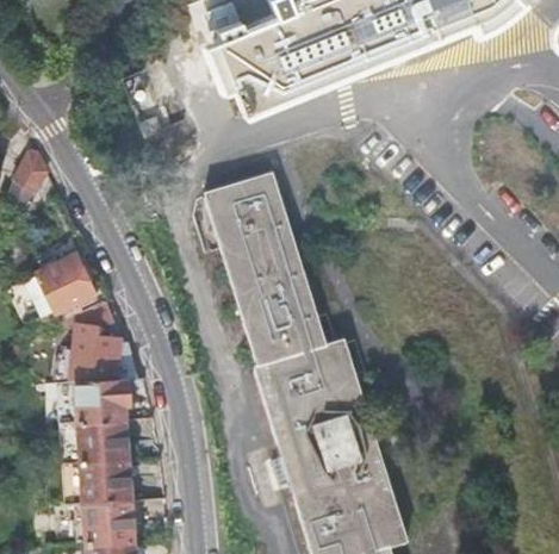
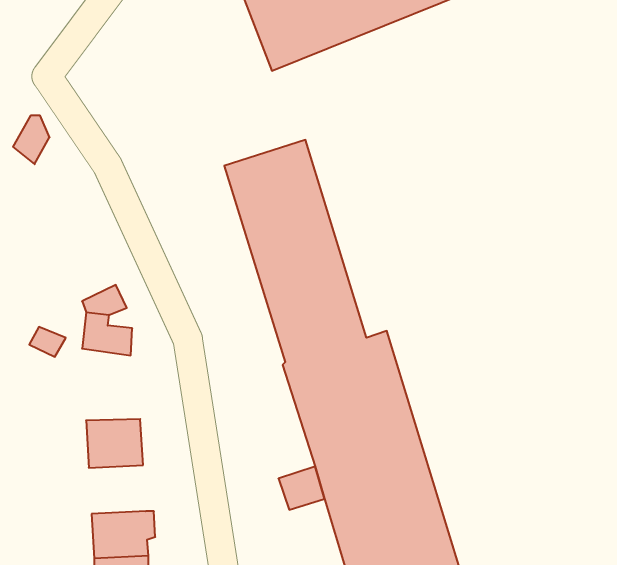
building: [29,251,99,312] -> none
building: [77,375,132,417] -> none
building: [82,456,132,499] -> none

